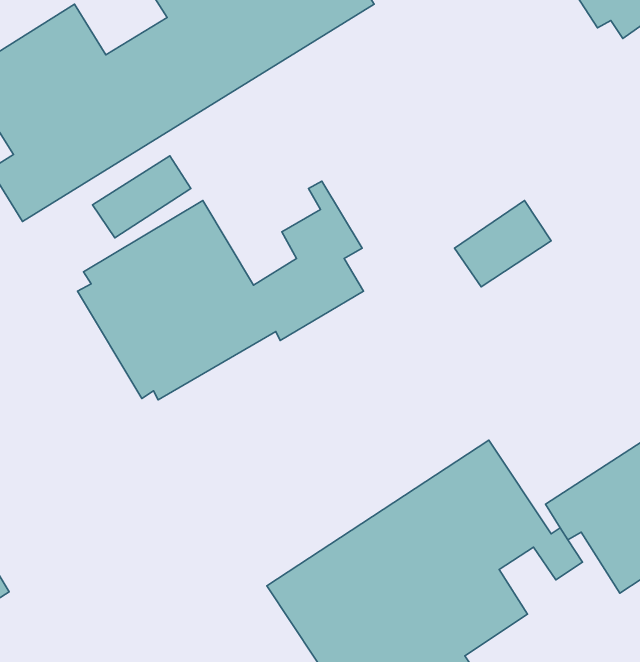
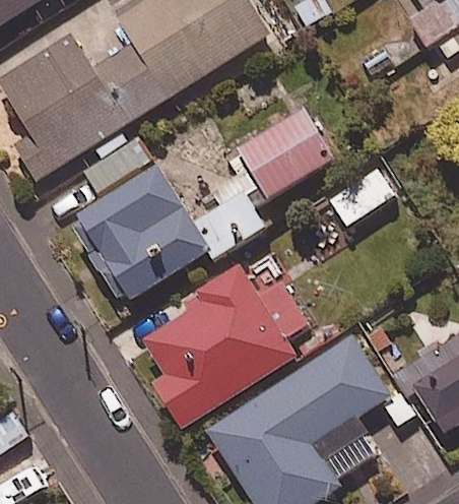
building: none -> [237,108,334,198]
building: none -> [143,266,310,434]

